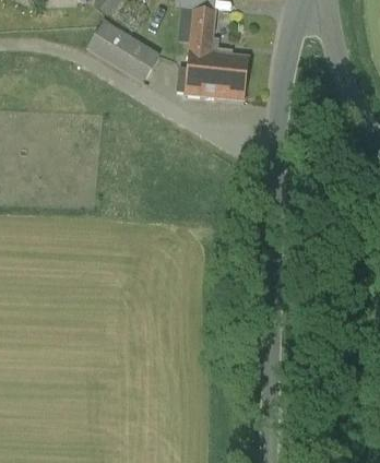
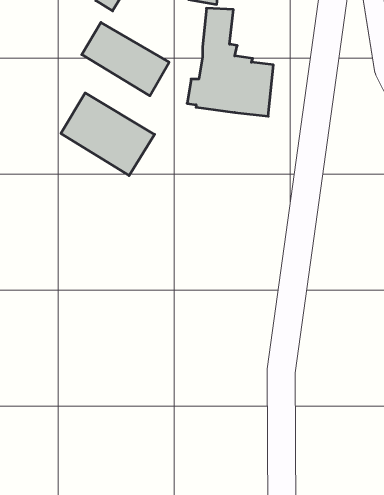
building: none -> [61,93,155,176]

